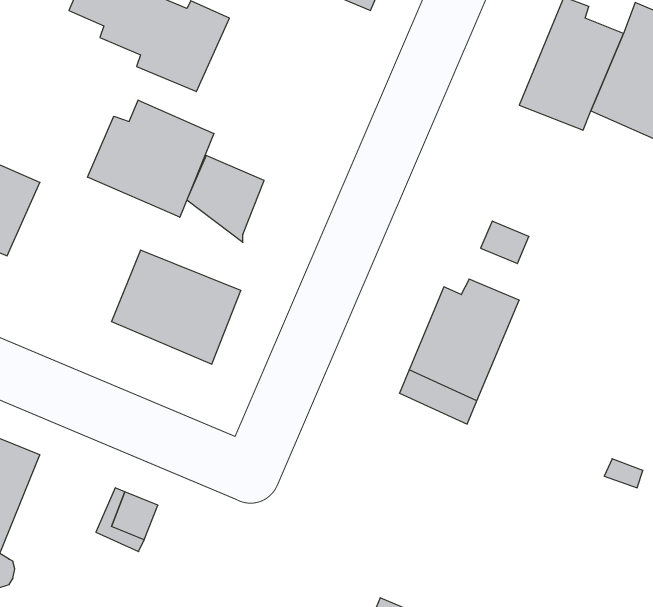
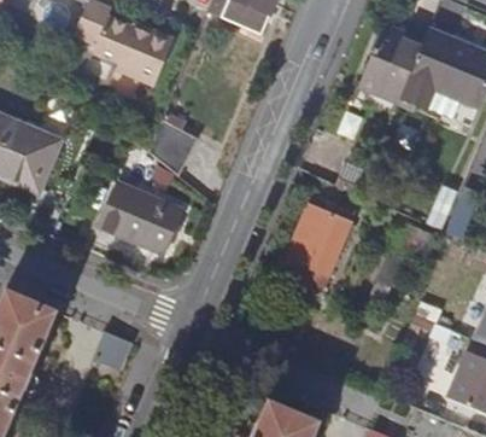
building: [88,100,214,217] -> none

